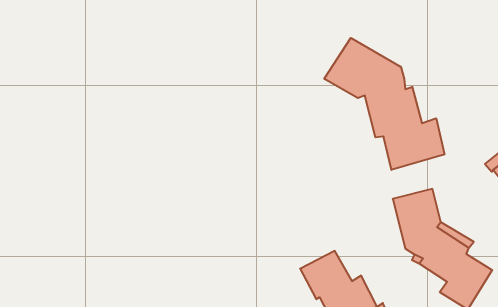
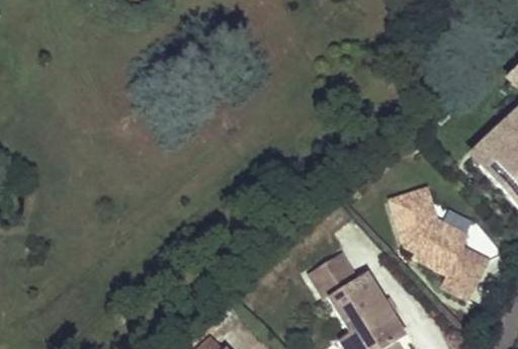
building: [324,38,444,170] -> none

